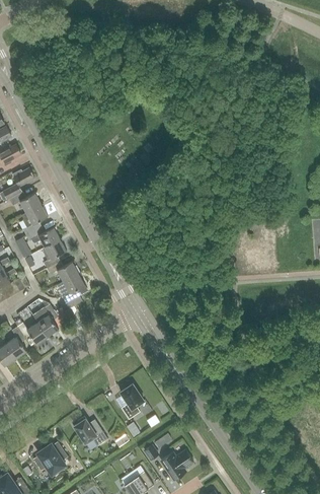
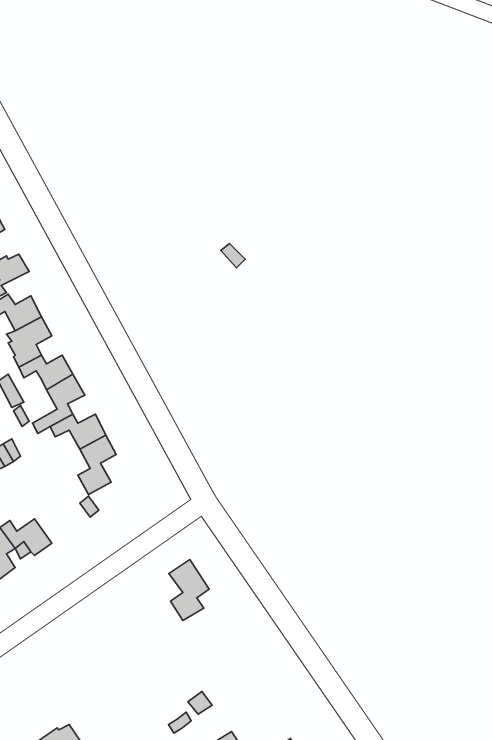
building: [37,305,59,337] -> none
building: [121,384,144,420] -> [169,559,209,620]
building: [73,418,107,446] -> none

